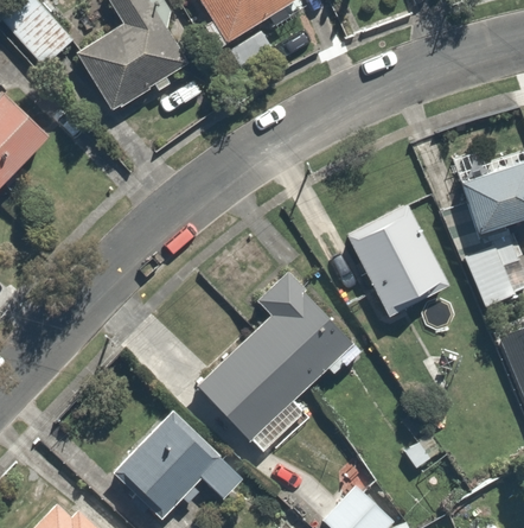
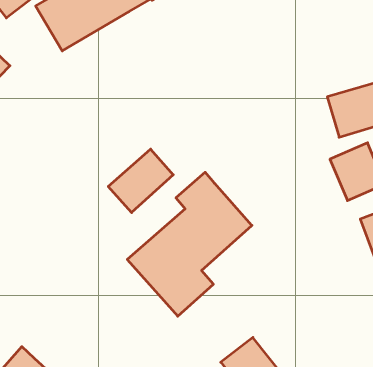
building: [349,208,446,314] -> none
building: none -> [108,149,173,213]
building: [117,413,239,513] -> none

